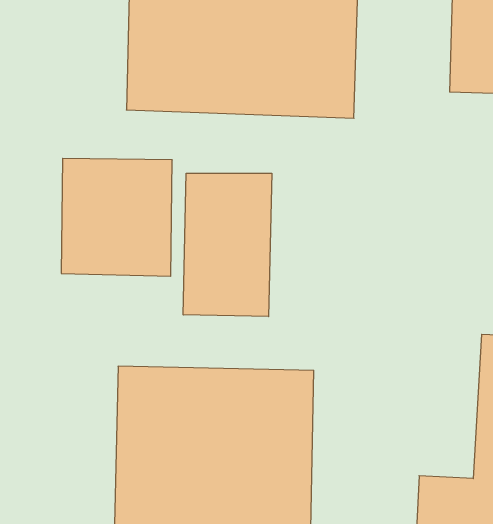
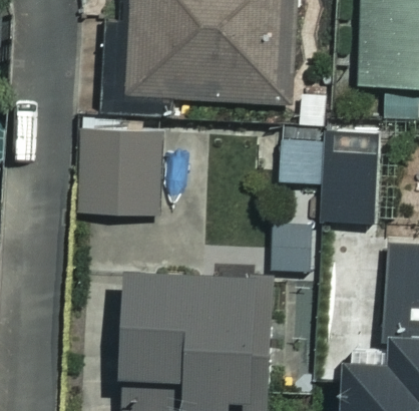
building: none -> [276,123,378,226]
building: [183,173,272,317] -> none

